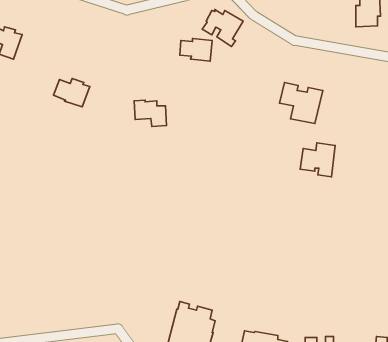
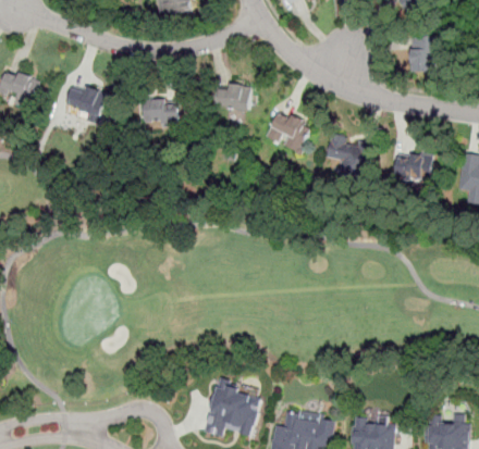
building: [202,9,243,47] -> [266,113,311,154]
building: [54,79,90,107] -> [66,85,107,116]
building: [134,100,167,126] -> [142,98,177,127]
building: [300,143,335,177] -> [393,150,432,188]

